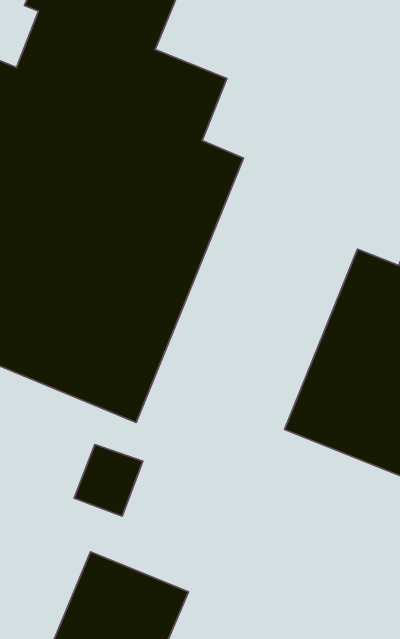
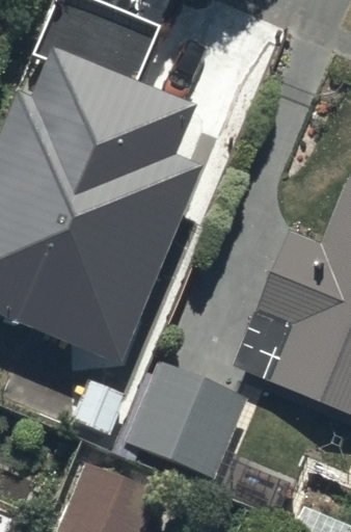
building: none -> [125,360,248,481]

